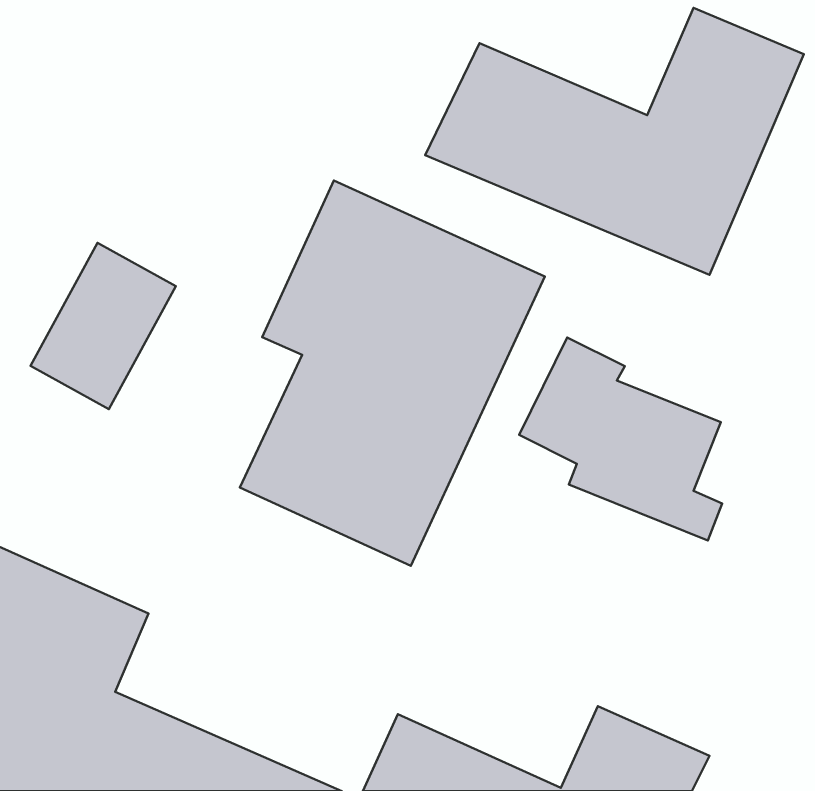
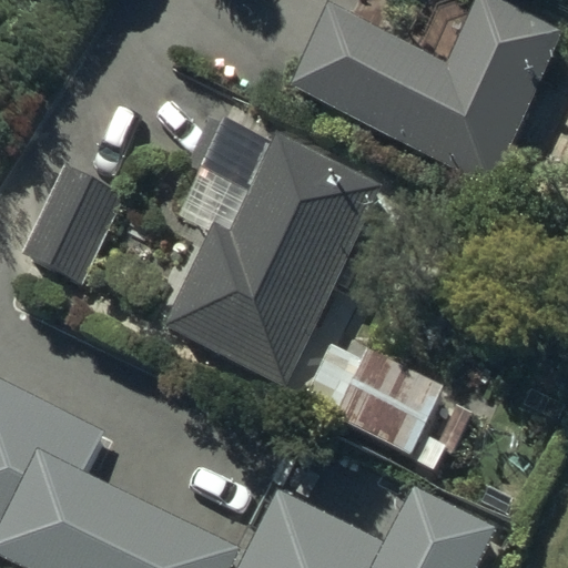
building: [519,337,722,540] -> [303,332,444,473]

